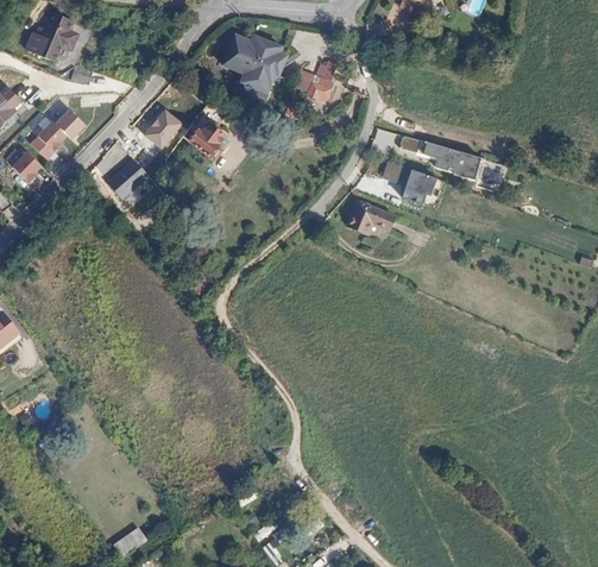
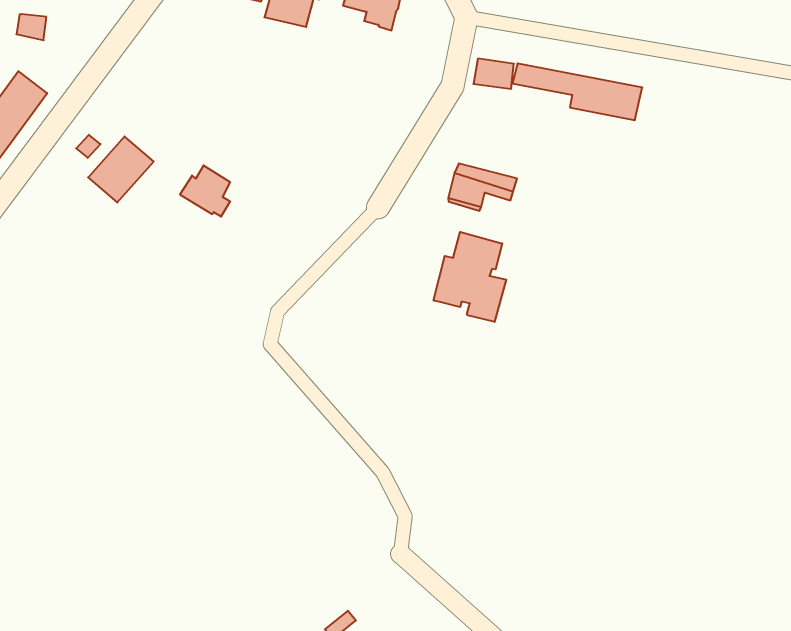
building: [145,107,187,150] -> none
building: [188,124,222,159] -> [180,165,230,217]
building: [402,168,441,206] -> none
building: none -> [434,232,506,322]

